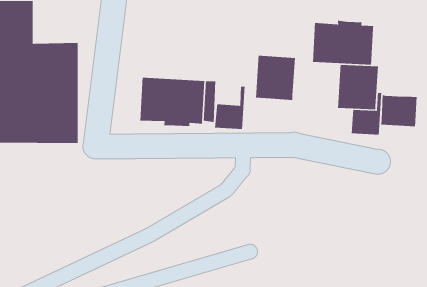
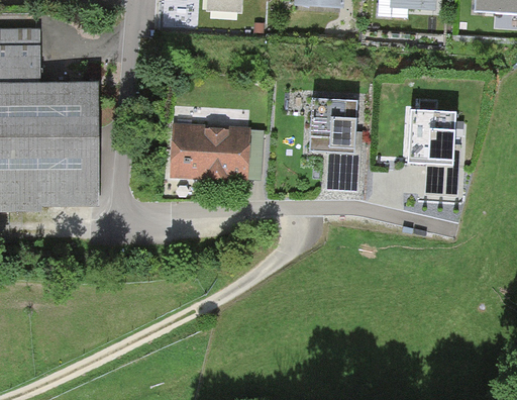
building: [312,20,374,66] -> none
building: [214,86,245,130] -> [323,129,360,182]
building: [380,95,418,127] -> none

